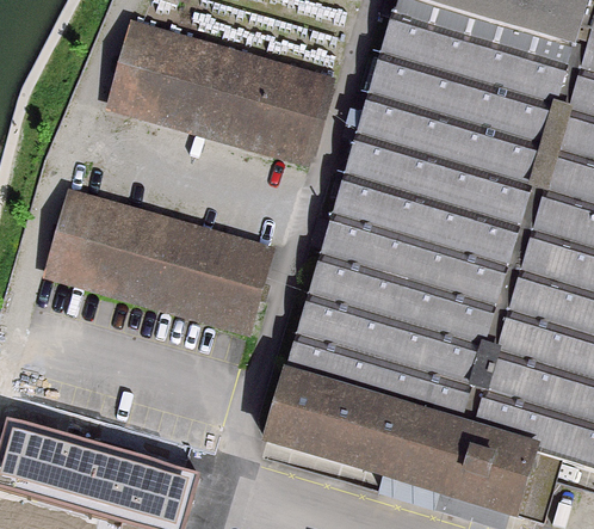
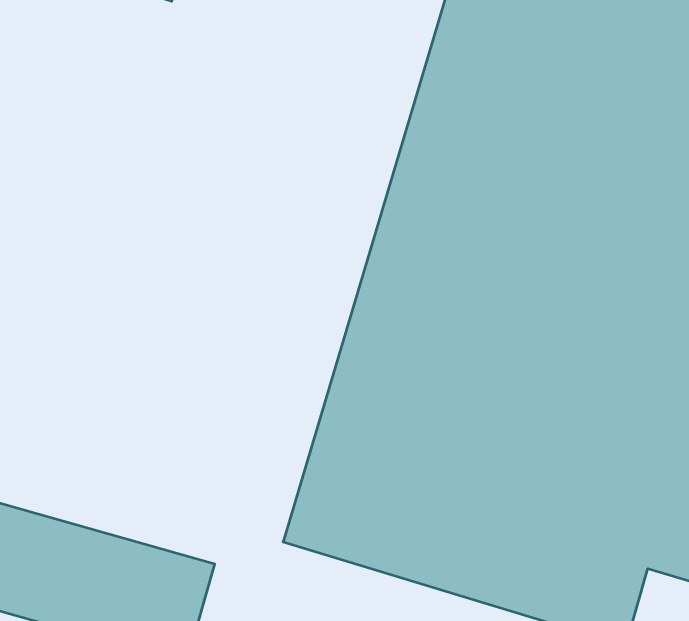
building: [107,29,329,166] -> none
building: [45,197,267,333] -> none

